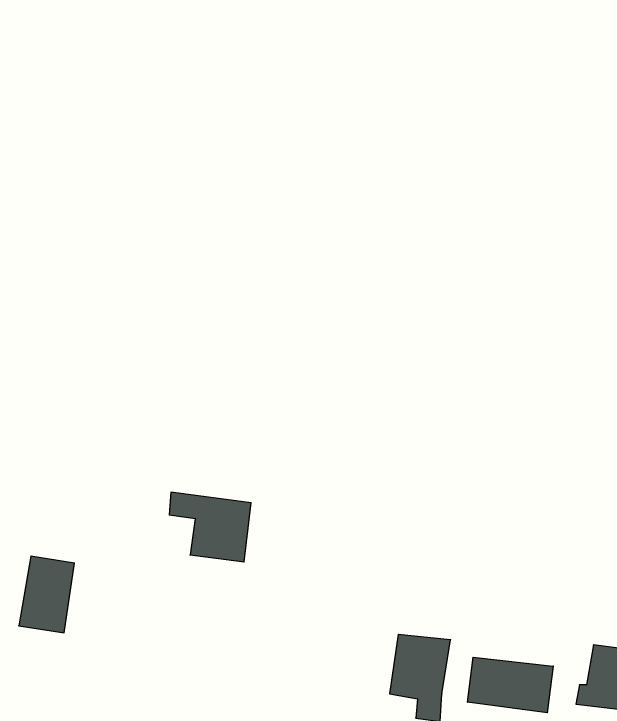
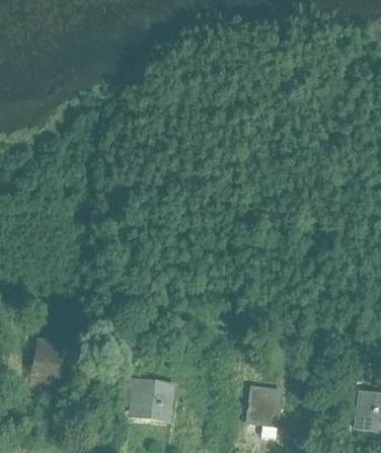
building: [169,492,251,562] -> [126,380,173,421]
building: [468,657,553,713] -> none

